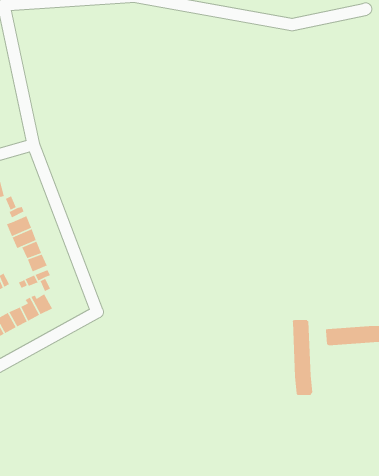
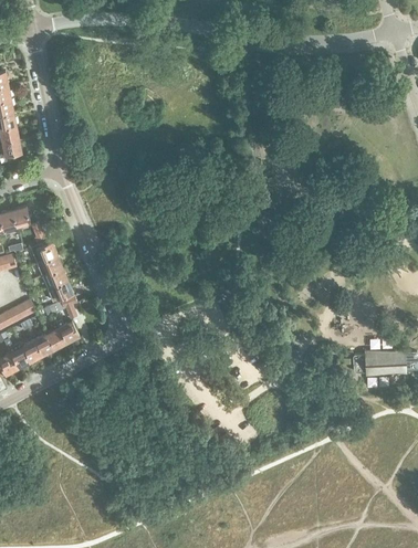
building: [292,319,313,396] -> none

